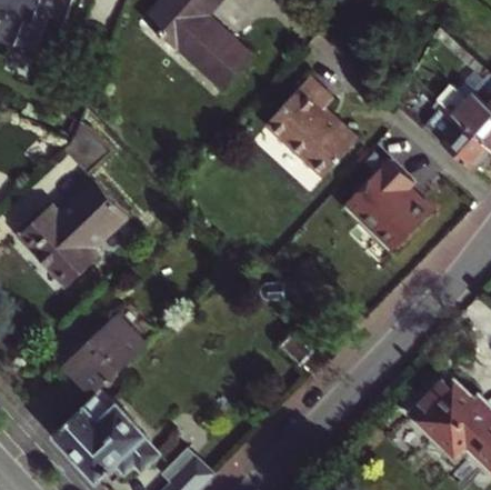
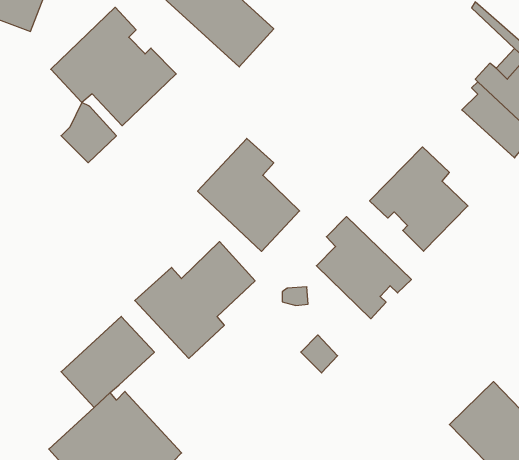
building: none -> [51,7,176,126]
building: [265,77,358,179] -> [198,138,300,251]
building: [17,181,126,287] -> [135,242,255,358]
building: none -> [316,217,411,319]

